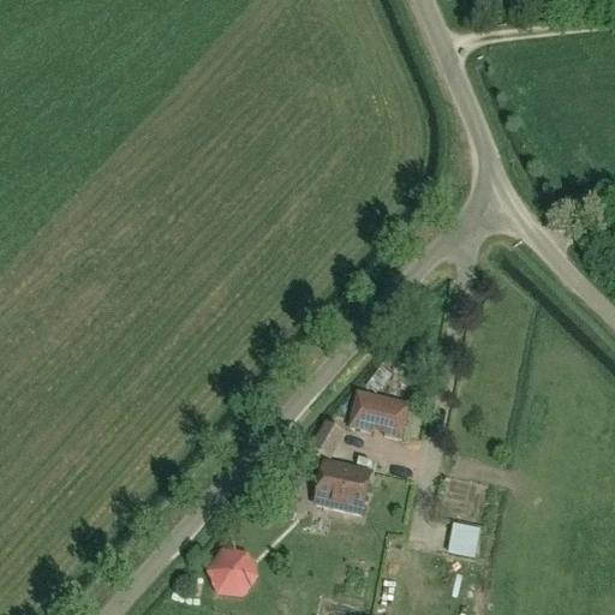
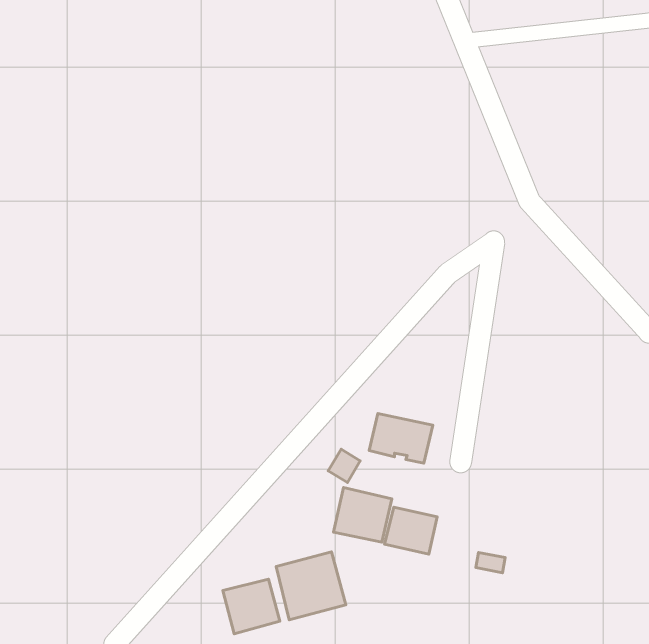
building: none -> [384,507,437,554]
building: none -> [276,552,346,620]

